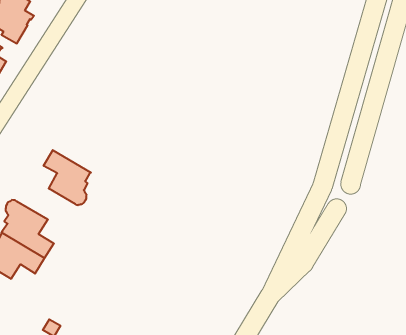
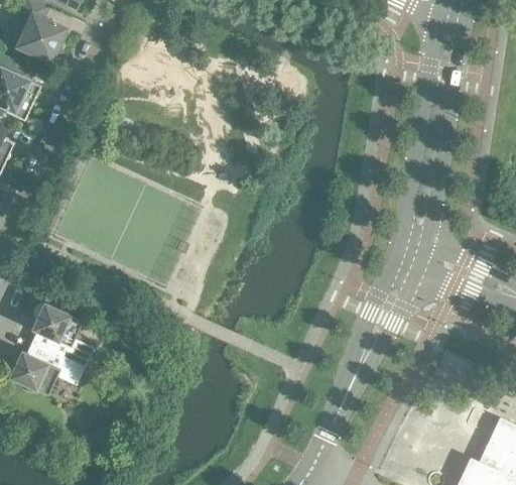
building: [44,150,91,205] -> none

